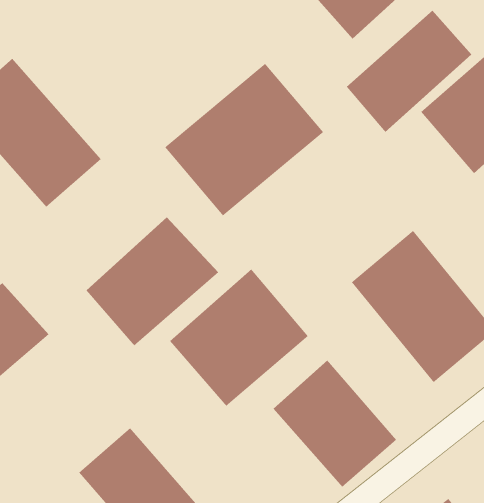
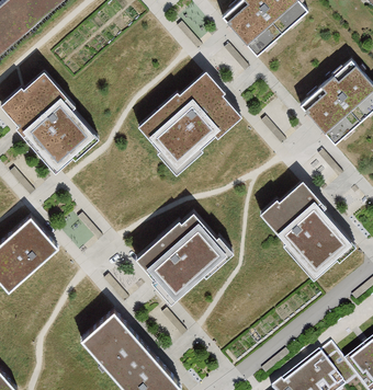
building: [346,10,472,133] -> none
building: [85,216,219,347] -> none
building: [272,359,397,488] -> none

